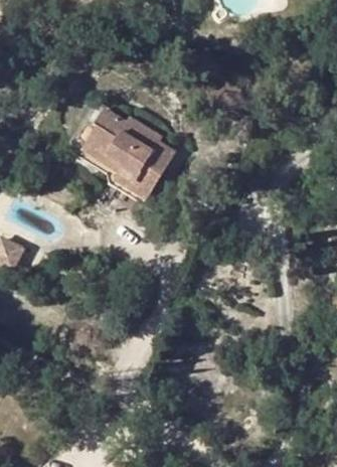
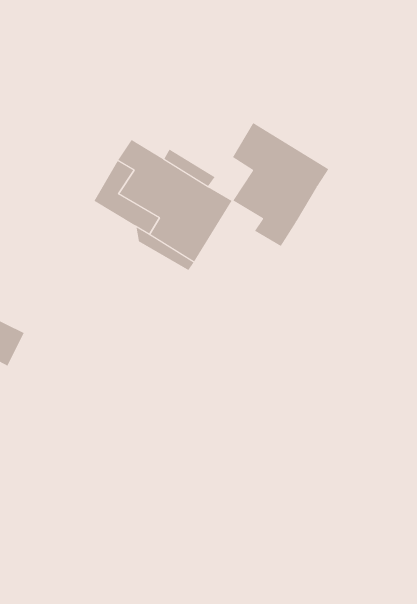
building: none -> [232,122,329,247]

